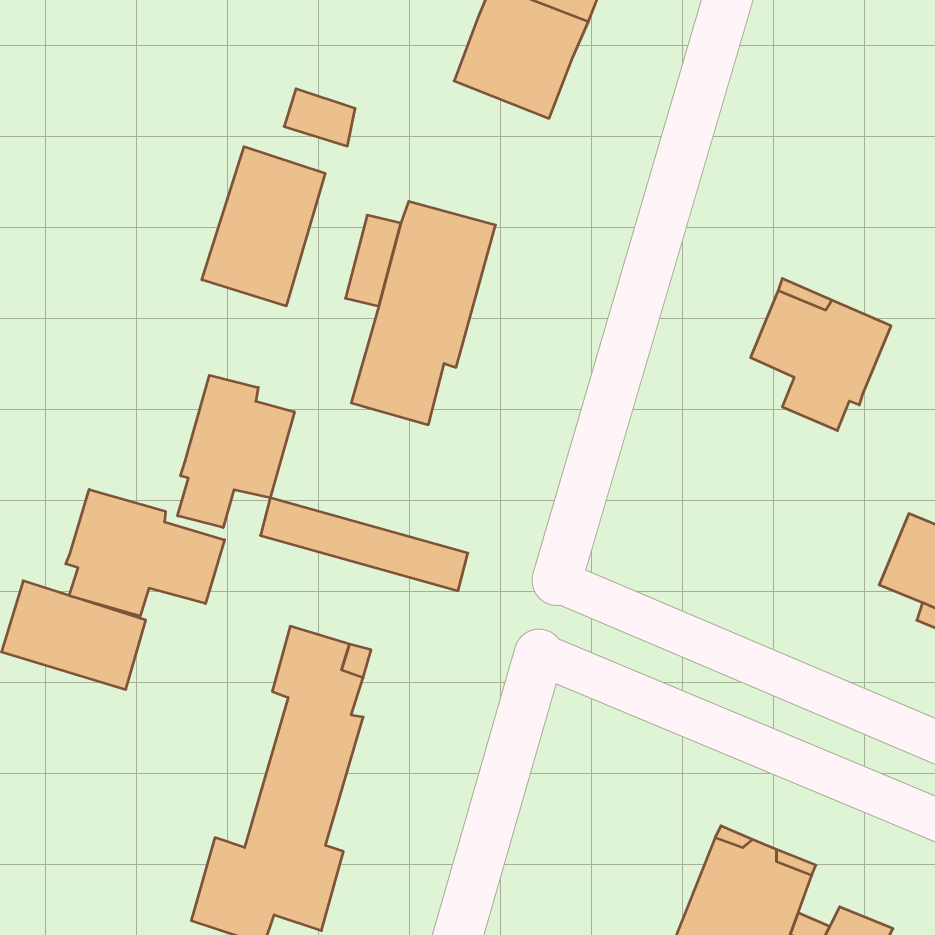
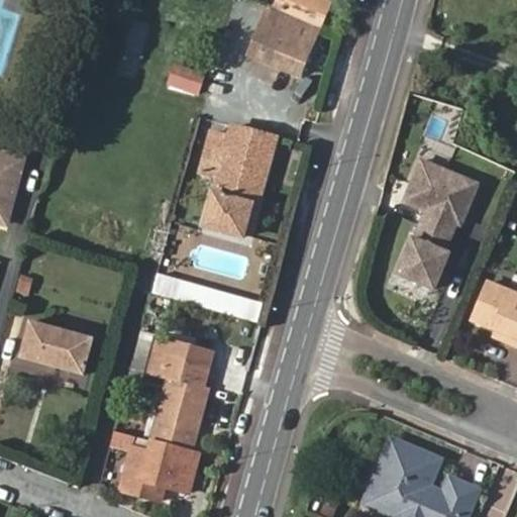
building: [202,147,325,306] -> none
building: [178,375,294,528] -> none
building: none -> [398,226,450,288]
building: [66,489,225,616] -> none

